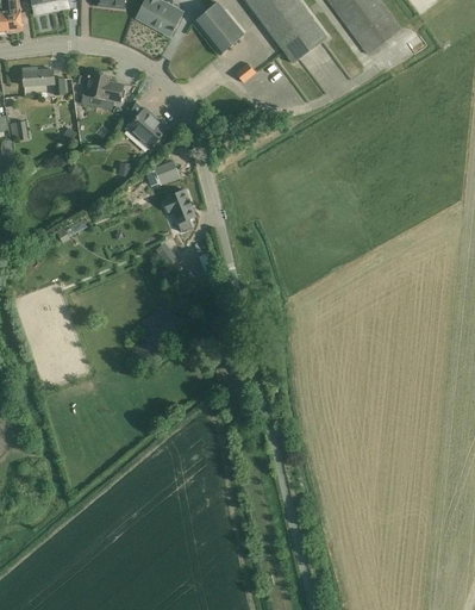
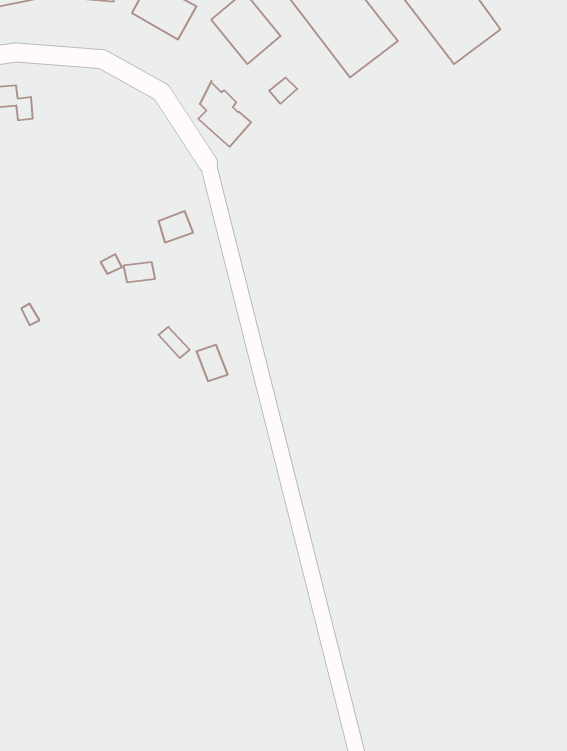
building: [83,70,123,102] -> none
building: [126,100,164,148] -> [198,81,251,147]
building: [163,189,194,231] -> none

